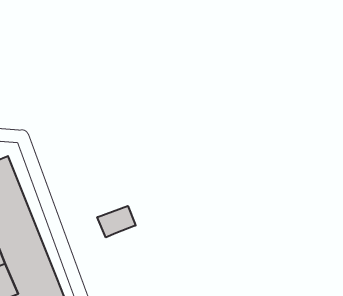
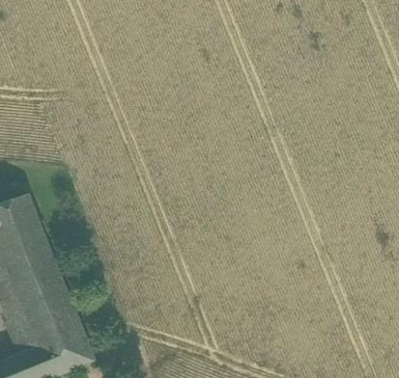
building: [97,206,136,237] -> none

